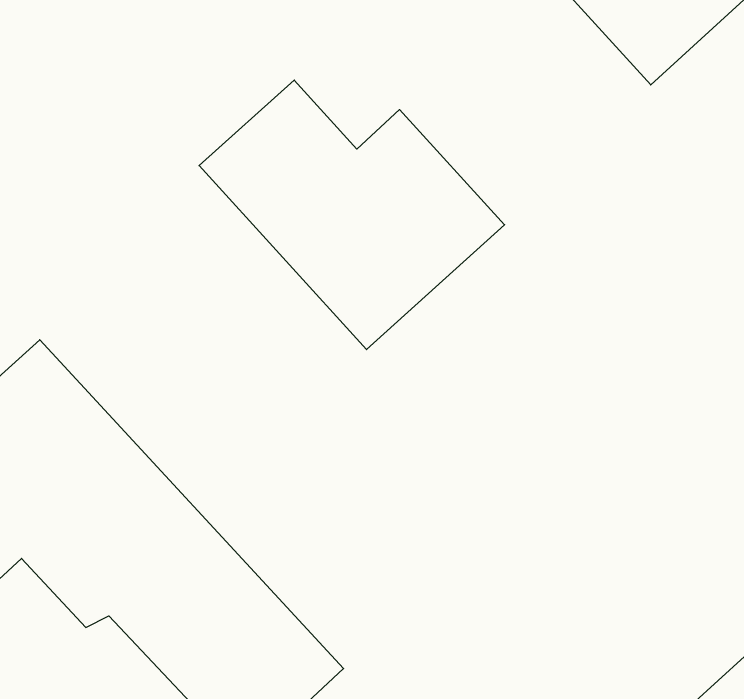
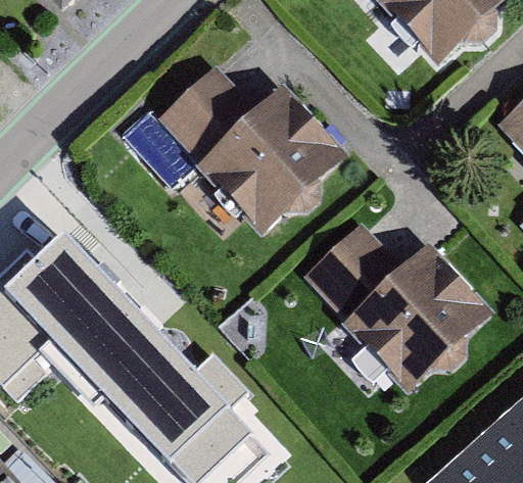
building: none -> [301,223,490,390]

